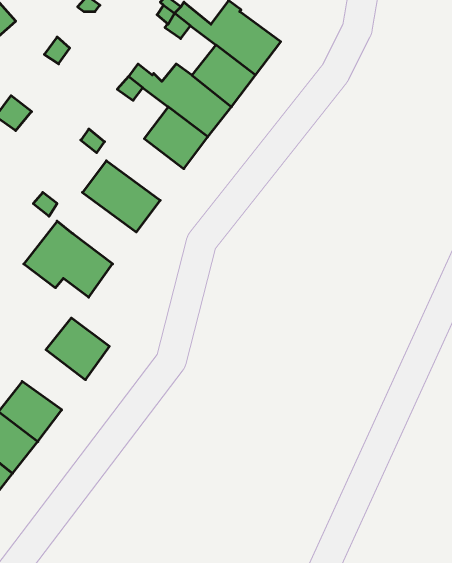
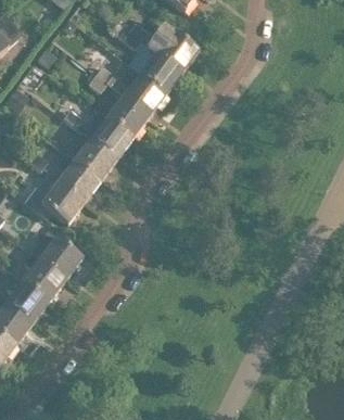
building: none -> [80,110,133,158]
building: none -> [53,153,101,202]
building: none -> [23,260,66,302]

